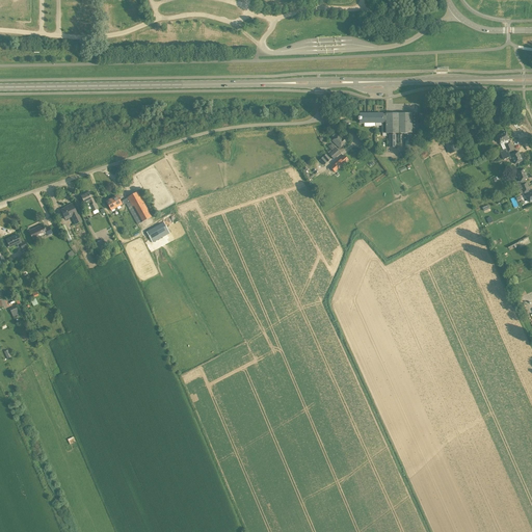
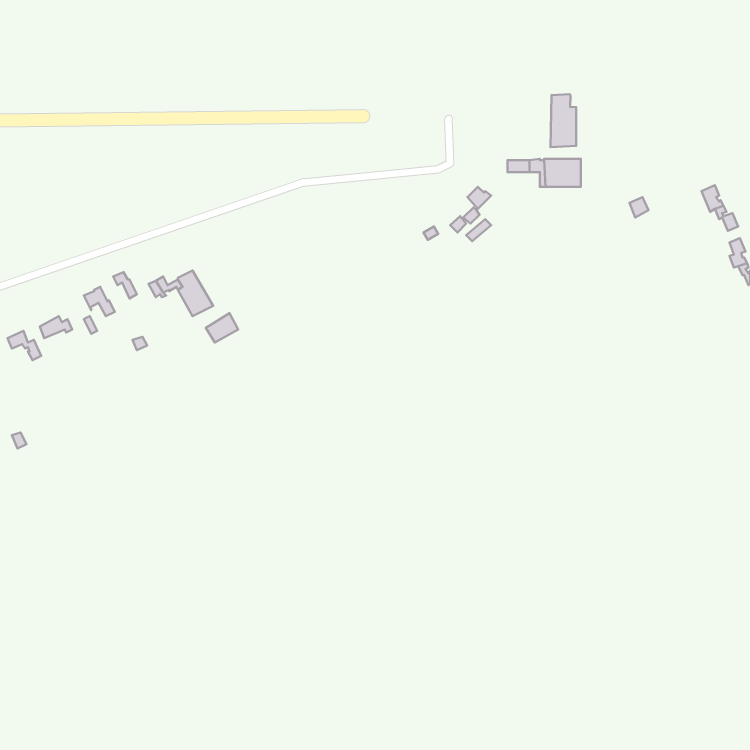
building: none -> [550,94,576,147]

